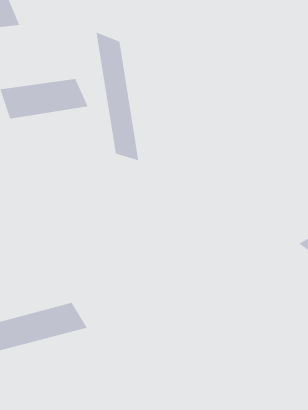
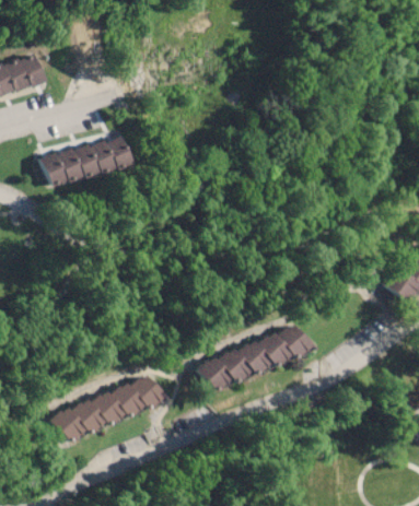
building: [96,32,139,161] -> none
building: none -> [195,321,317,393]

